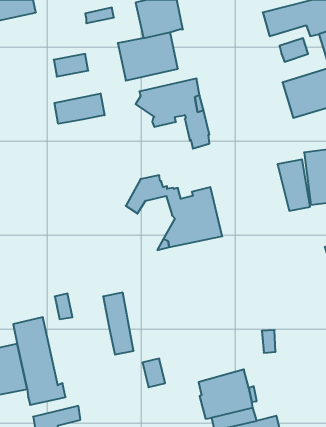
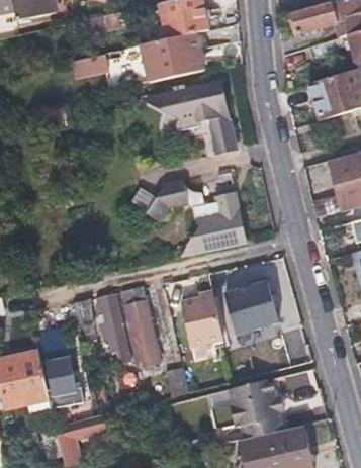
building: [54,93,105,124] -> none
building: none -> [228,280,279,331]
building: none -> [184,293,223,344]
building: none -> [93,295,129,363]

